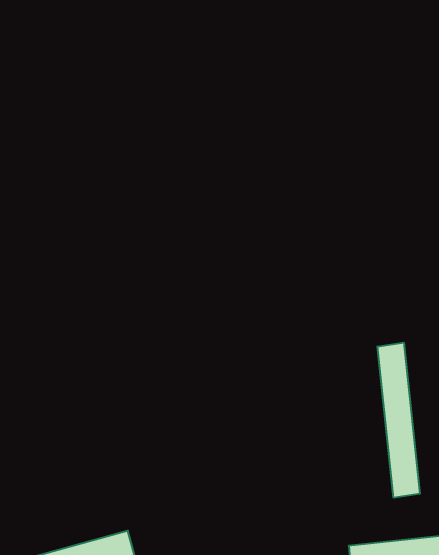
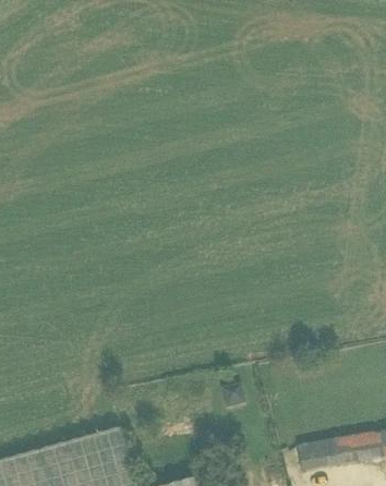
building: [378,343,420,498] -> none

